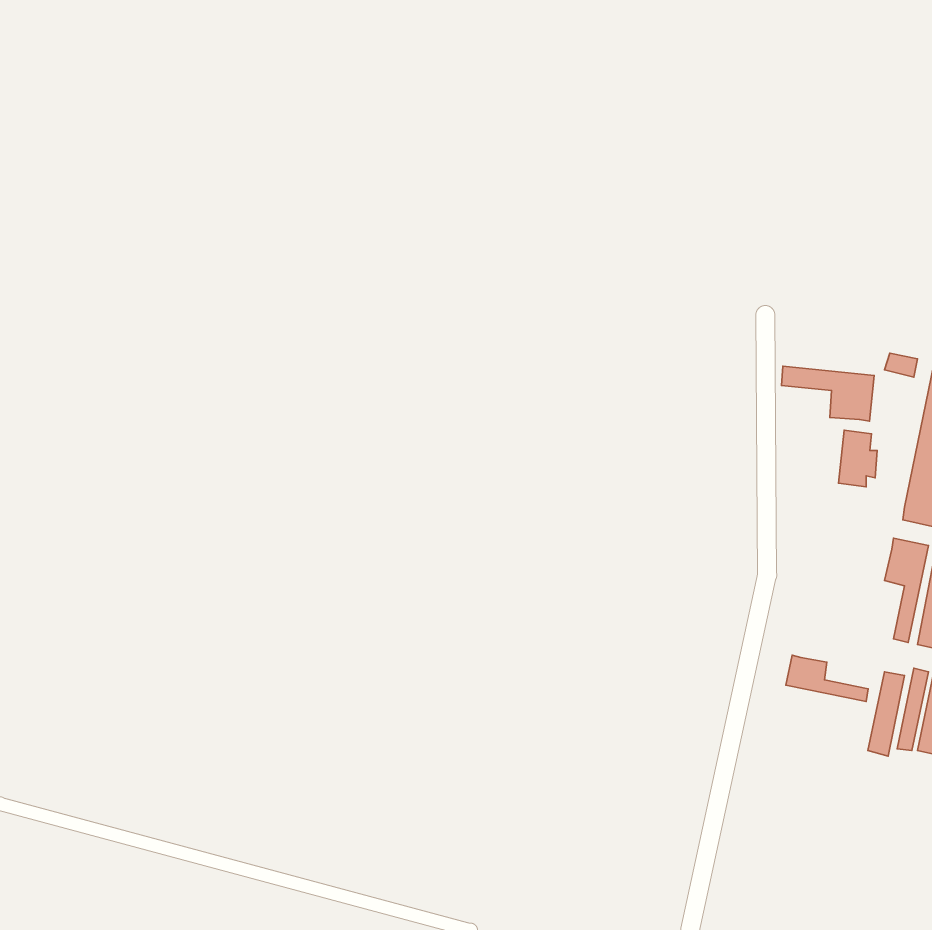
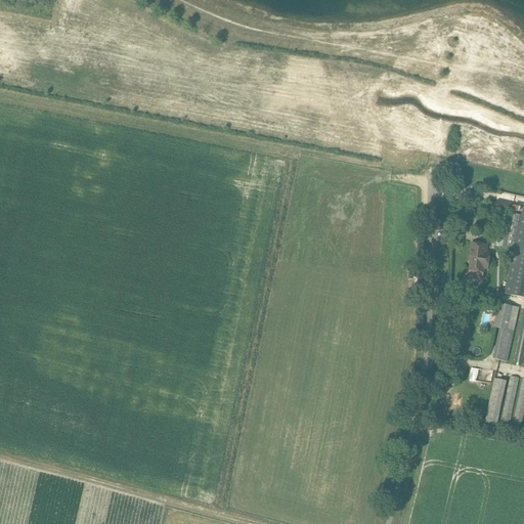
building: [781,366,874,421] -> none
building: [786,655,868,702] -> none

